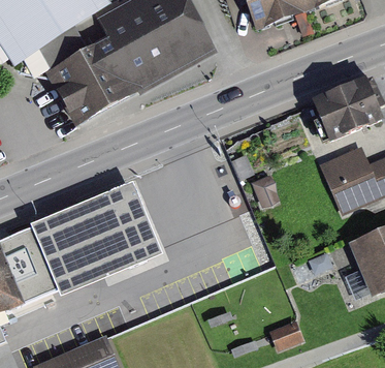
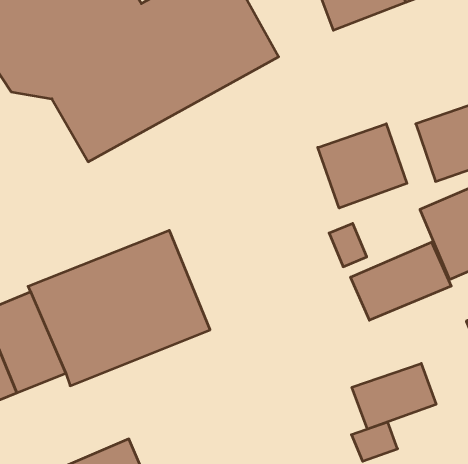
building: none -> [318,124,407,208]
building: none -> [351,242,451,320]
building: none -> [352,363,436,429]

